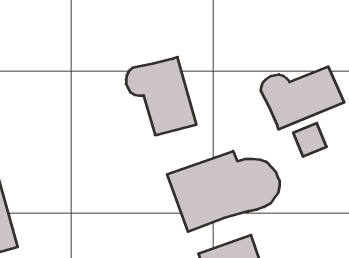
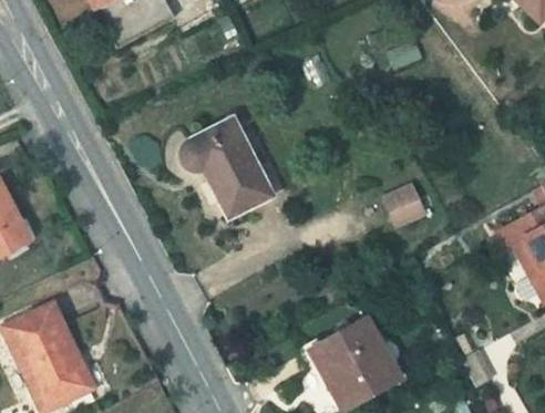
building: [261,67,344,129] -> none
building: [167,151,280,232] -> none

